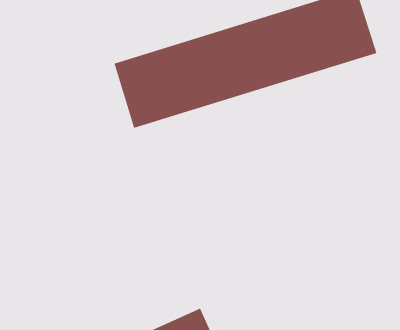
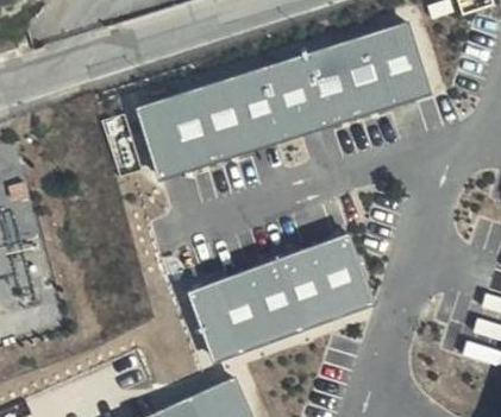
building: none -> [189,232,375,361]

